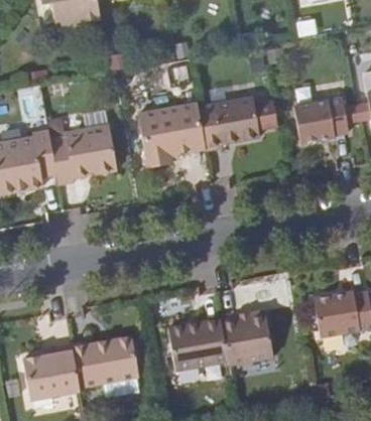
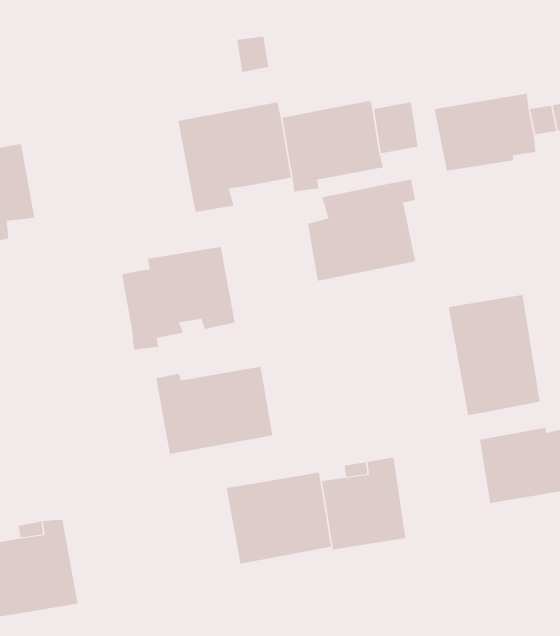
building: [49,120,116,180] -> [121,246,235,350]
building: none -> [308,179,416,281]
building: none -> [448,294,540,416]
building: [72,337,140,389] -> [155,366,273,454]

